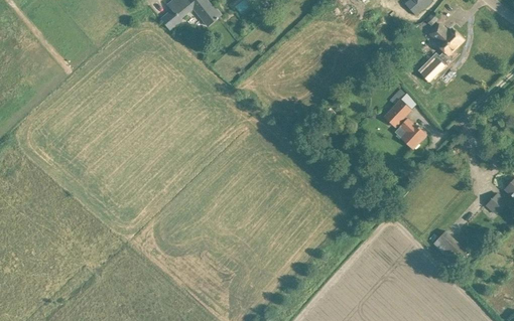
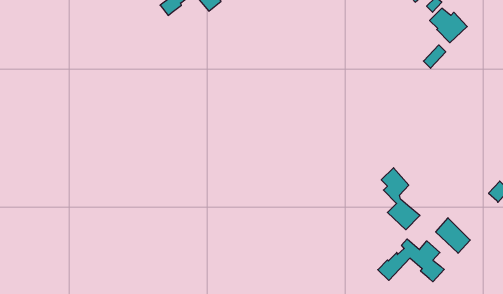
building: [388,87,426,148] -> [381,168,420,230]
building: none -> [378,239,444,282]

